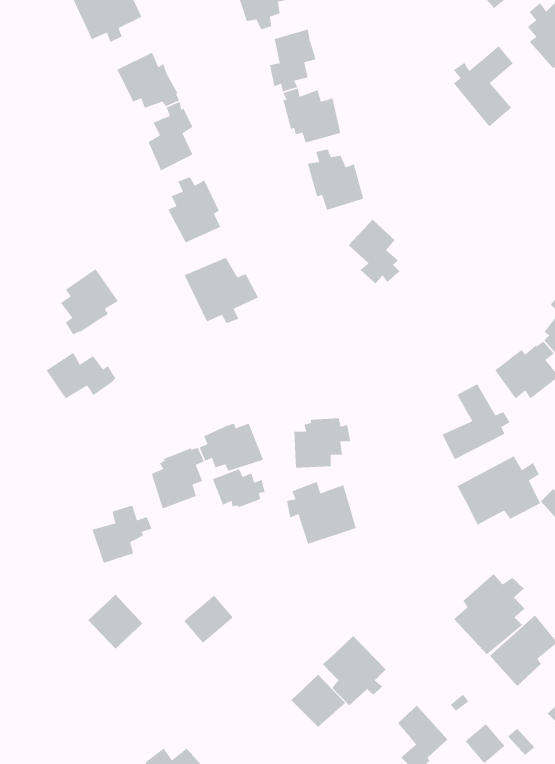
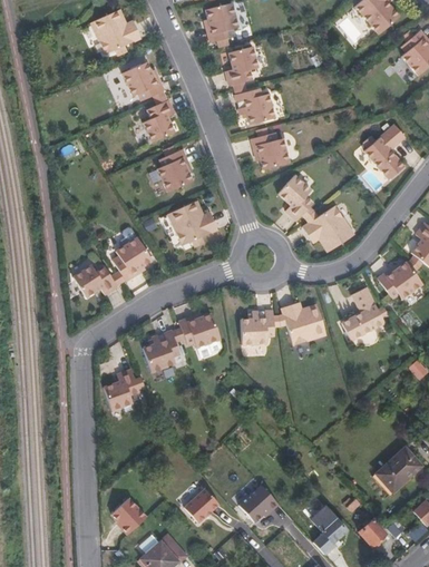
building: [453,45,514,127] -> [363,124,404,179]
building: none -> [302,205,354,252]
building: [60,268,119,336] -> [113,237,153,283]
building: [456,455,541,526] -> none
building: [212,468,265,508] -> none
building: [286,481,357,545] -> [279,301,326,344]
building: [453,573,526,655] -> none
building: [87,594,143,650] -> [110,495,148,532]
building: [183,595,234,644] -> [185,488,220,521]
building: [322,635,386,706] -> none

